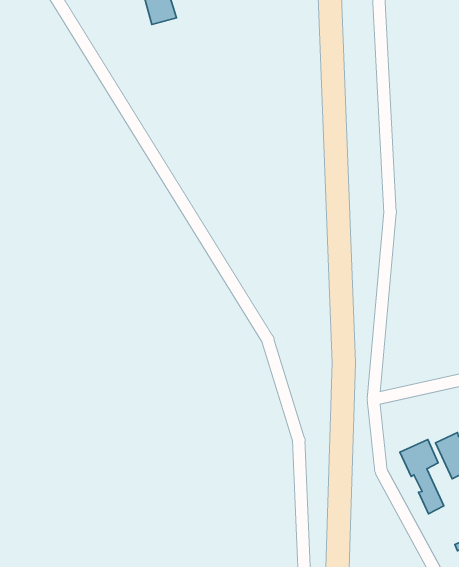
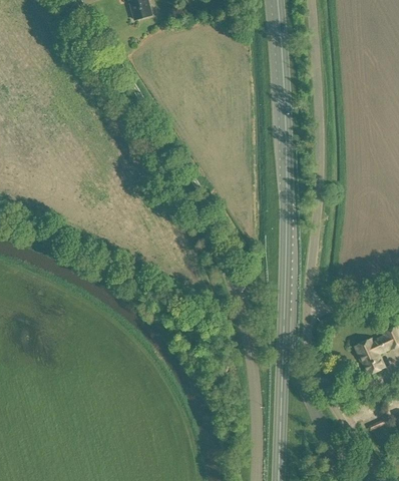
building: [400,439,444,514] -> none

